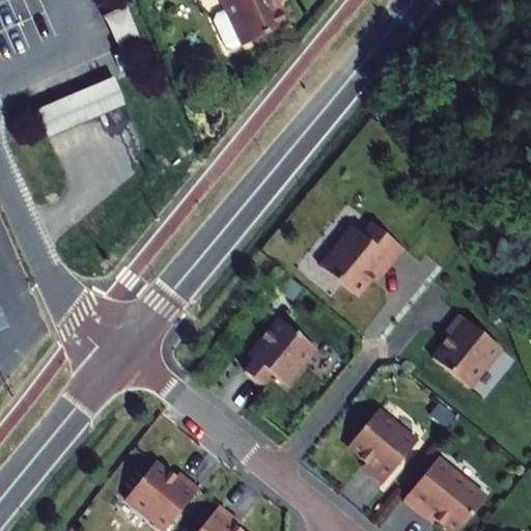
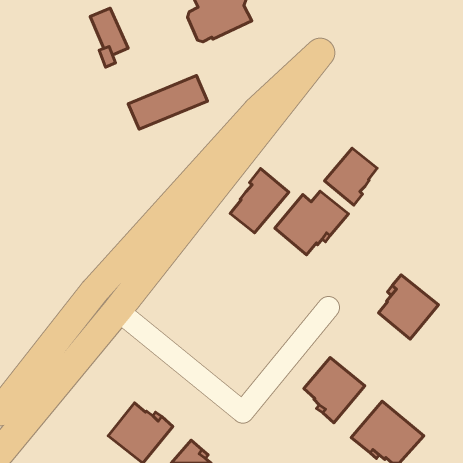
building: [37,82,128,143] -> [128,76,207,129]
building: none -> [325,148,377,205]
building: none -> [230,168,289,233]
building: [248,319,318,385] -> none

